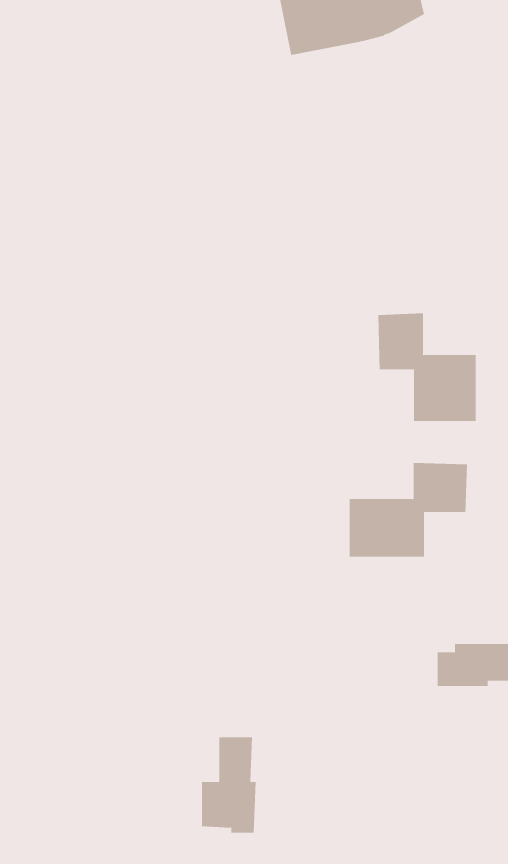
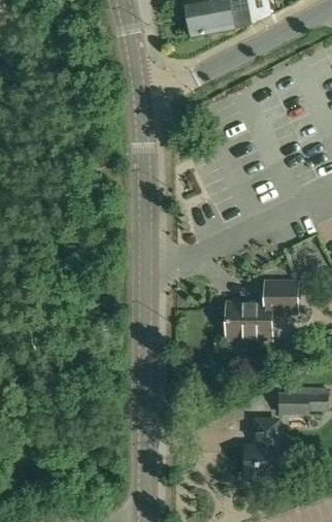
building: [378,312,476,422] -> none
building: [201,737,256,833] -> [245,419,278,477]

